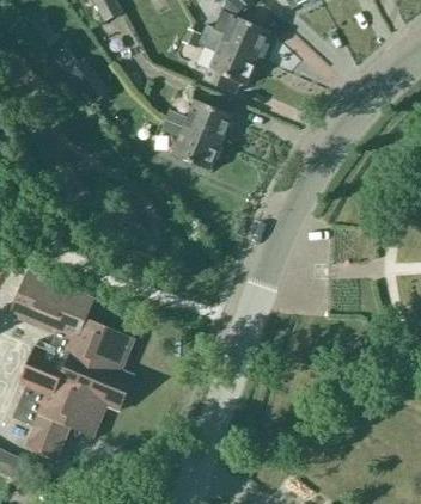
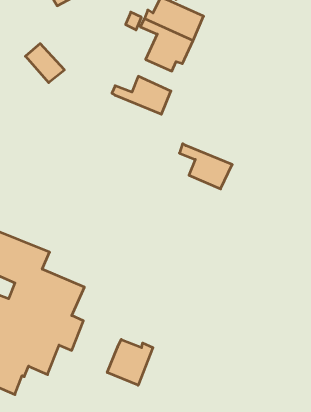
building: [161,118,221,170] -> [179,144,232,189]
building: none -> [107,339,153,385]

